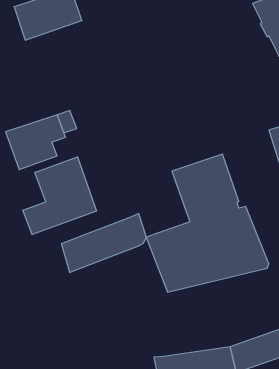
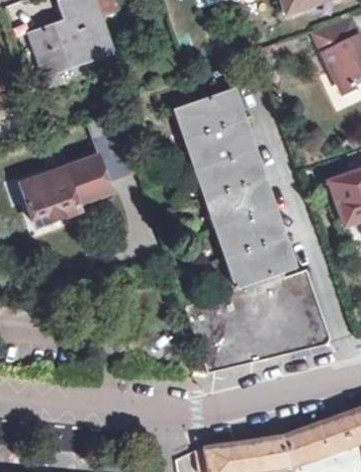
building: none -> [175,89,275,228]
building: [23,157,97,235] -> none
building: [61,213,146,273] -> none

